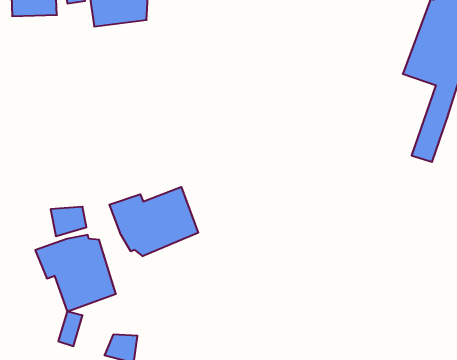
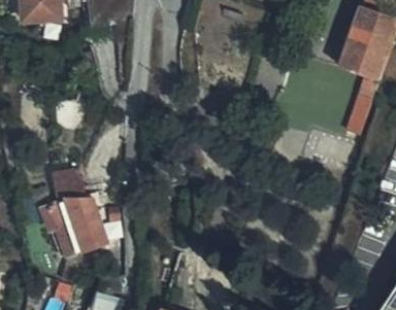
building: [109,187,198,256] -> none

